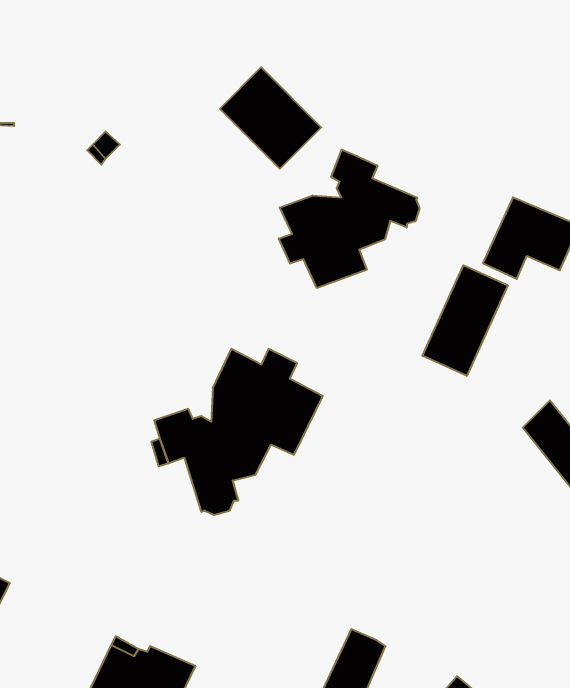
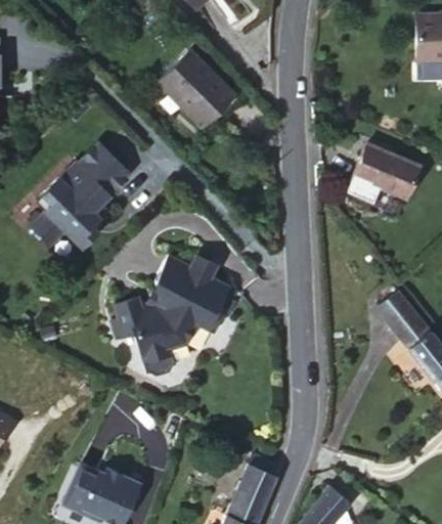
building: [279,150,419,288] -> none
building: none -> [31,144,128,250]
building: [422,265,508,376] -> none

